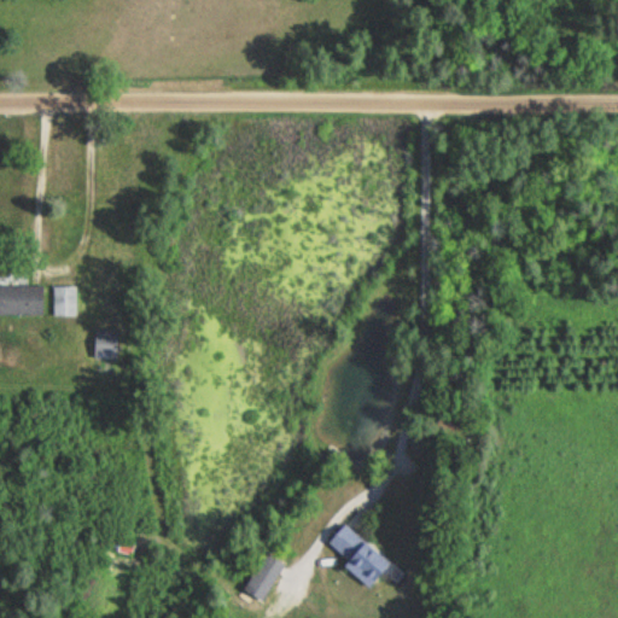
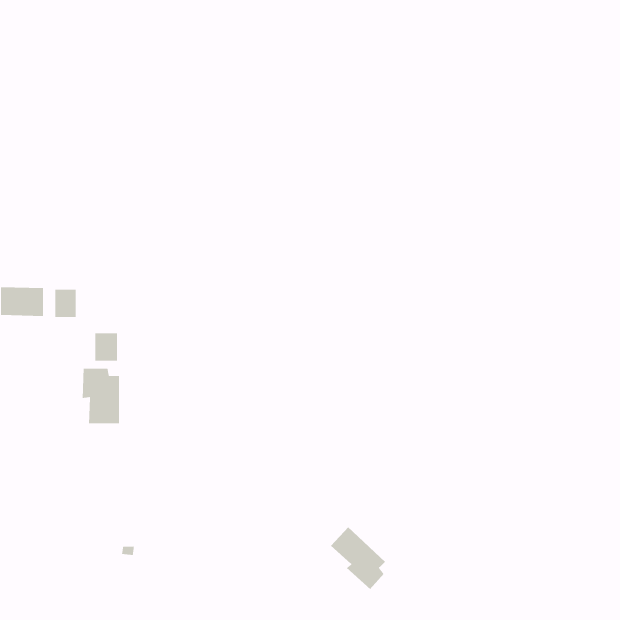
building: none -> [82,368,120,424]
building: [243,553,285,602] -> none

